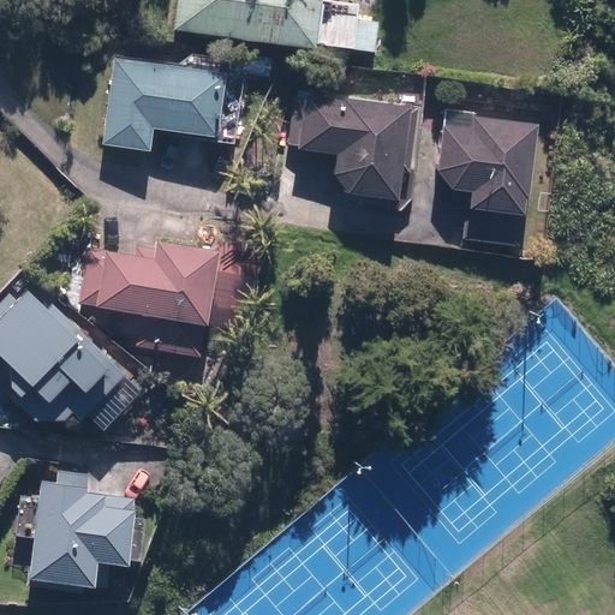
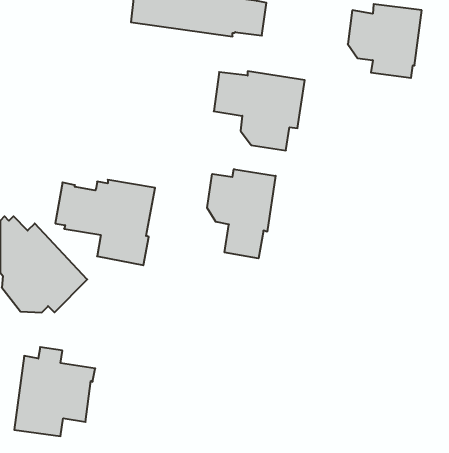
building: [105,43,247,151] -> none
building: [436,118,536,217] -> [348,4,422,78]
building: none -> [207,169,276,258]

